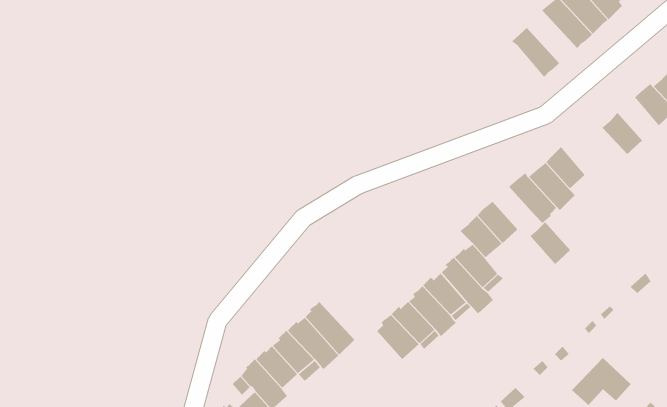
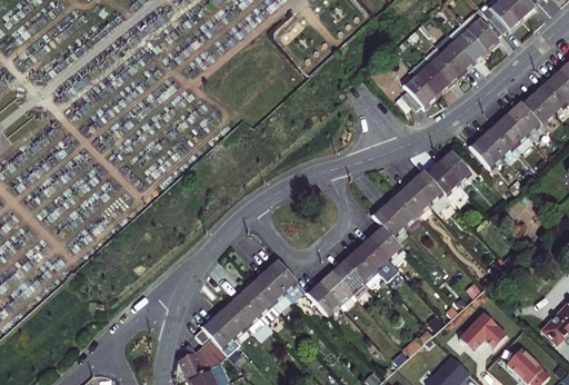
building: none -> [425,46,463,86]
building: none -> [396,72,437,111]
building: none -> [495,112,527,146]
building: none -> [470,136,502,168]
building: [529,222,571,265] -> [398,181,430,215]
building: none -> [263,260,306,303]

